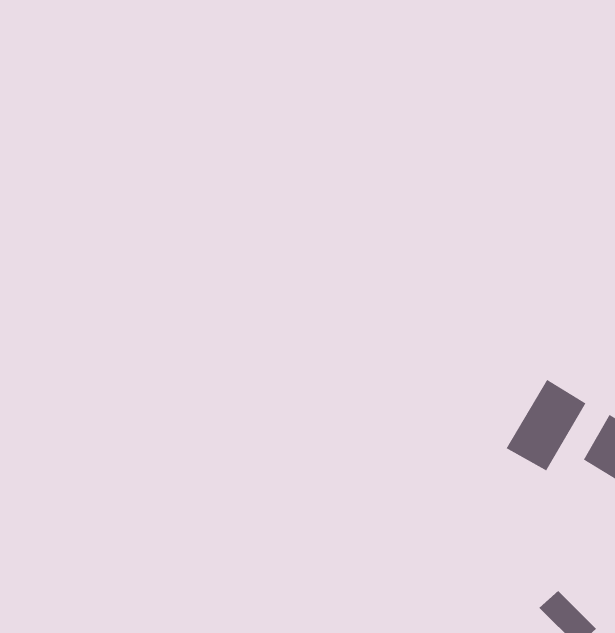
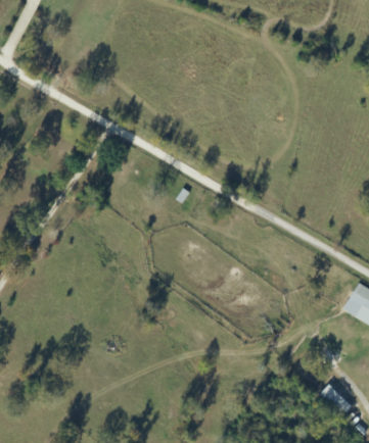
building: [506,379,586,472] -> none

